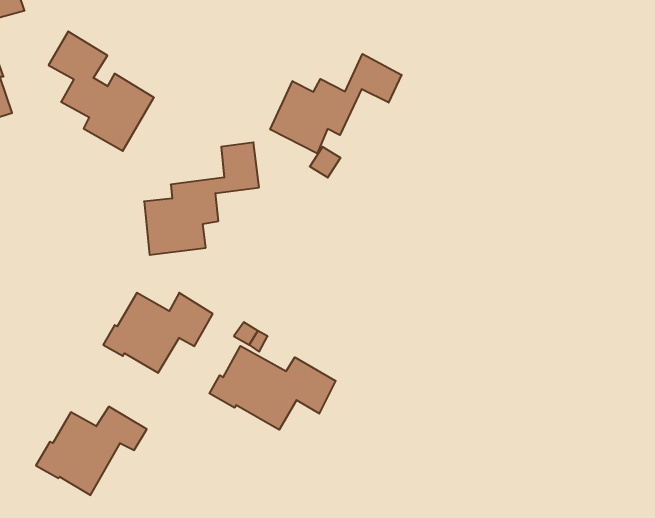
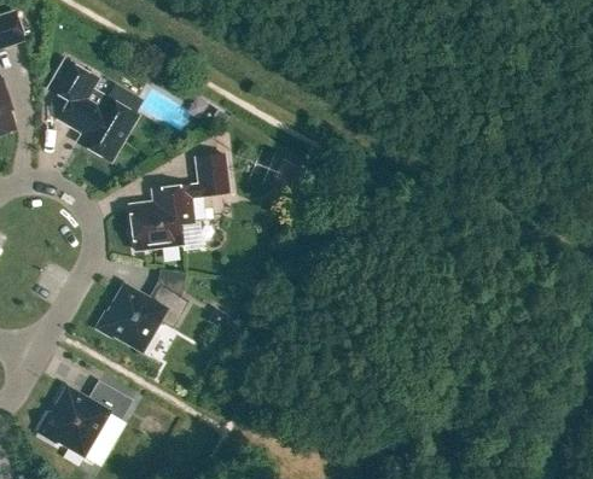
building: [270,54,402,153] -> none
building: [209,346,336,430] -> none

